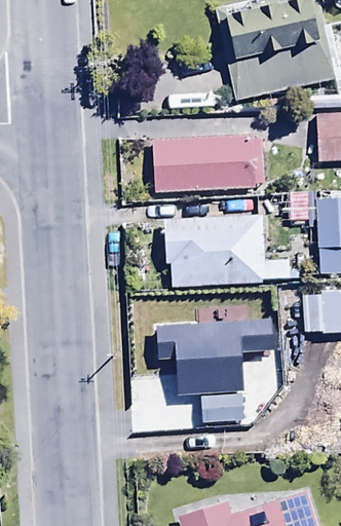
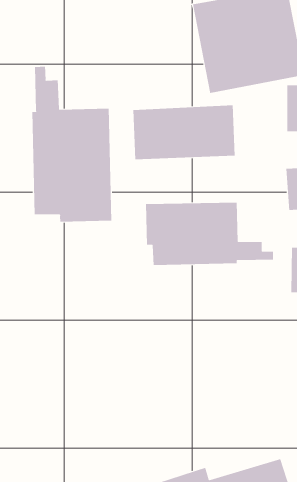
building: none -> [32,66,112,222]
building: [179,326,275,433] -> none

